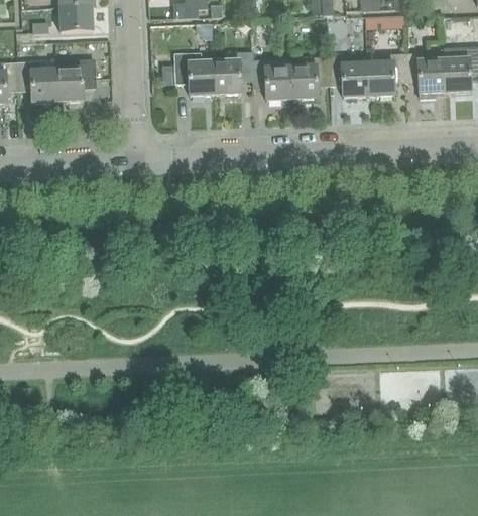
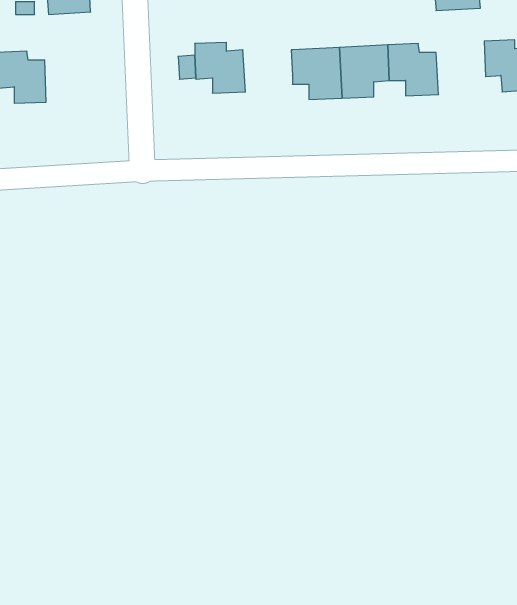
building: [214,52,253,94] -> none
building: [367,53,406,96] -> none
building: [56,59,96,102] -> none

